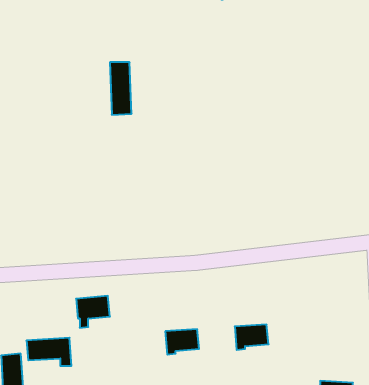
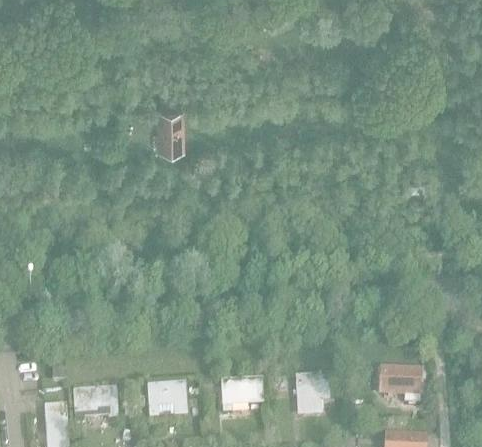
building: [76,296,110,328] -> [147,382,183,416]
building: none -> [380,366,416,392]

